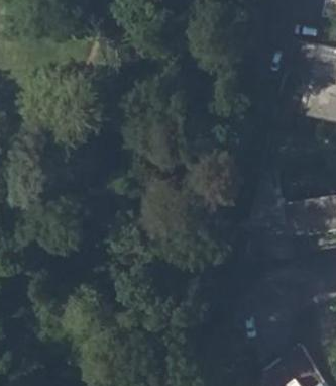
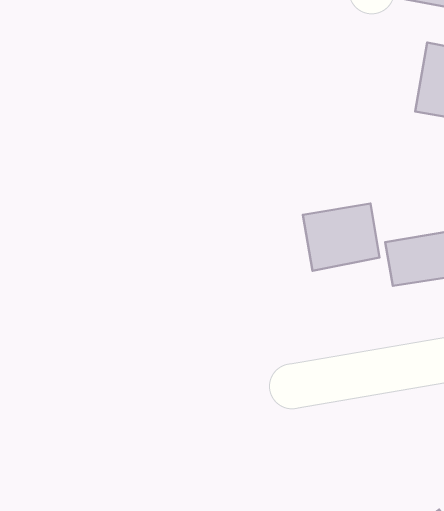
building: none -> [303,203,380,271]

